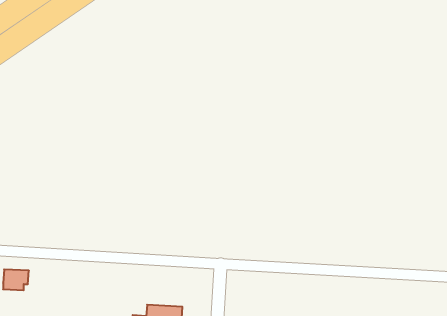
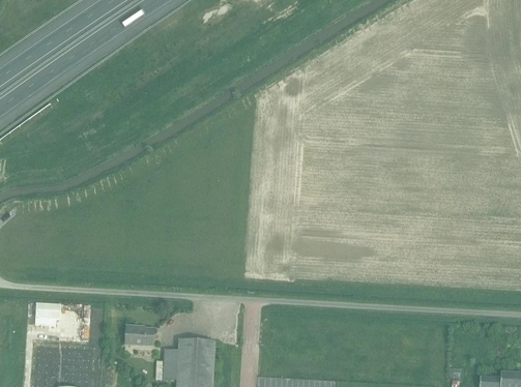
building: none -> [125,325,153,345]

